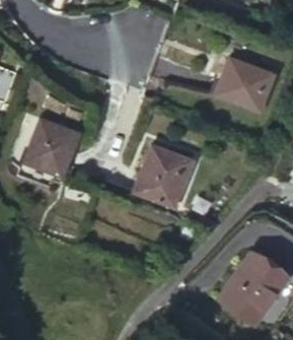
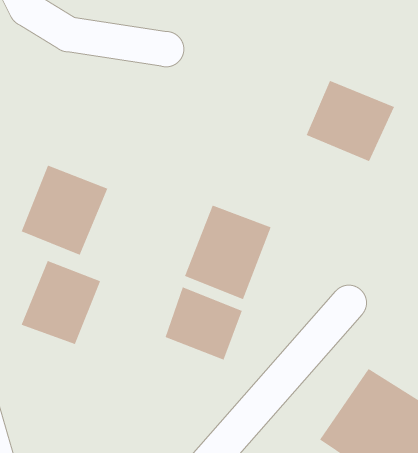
building: none -> [21,260,101,345]
building: none -> [165,287,242,360]

